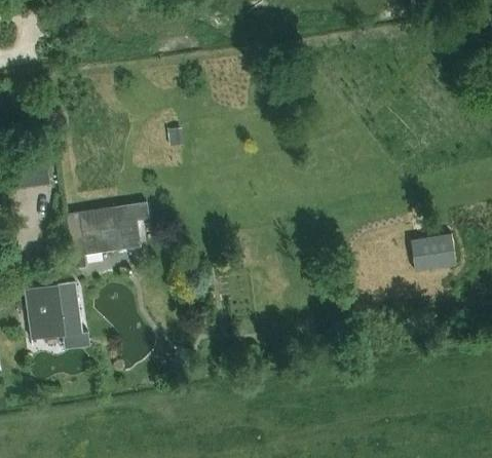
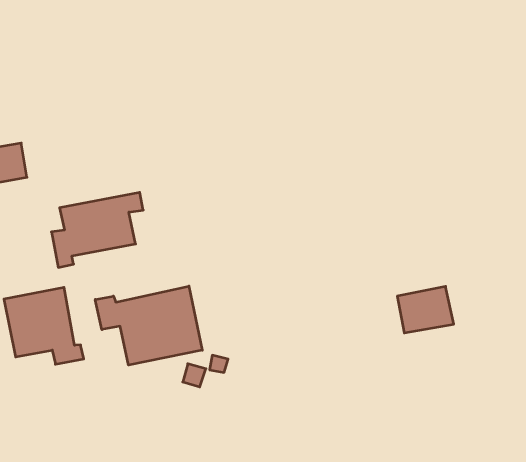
building: [410,233,457,271] -> [397,286,454,333]
building: none -> [95,286,202,365]

